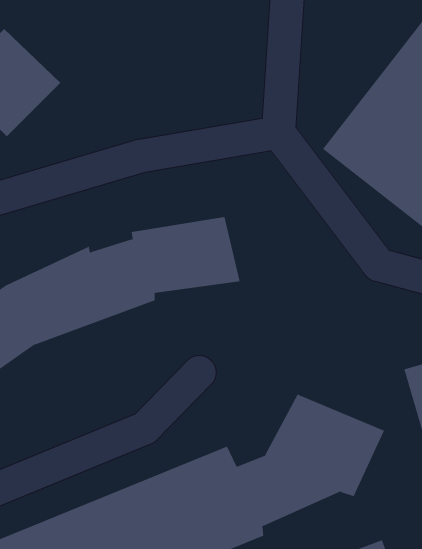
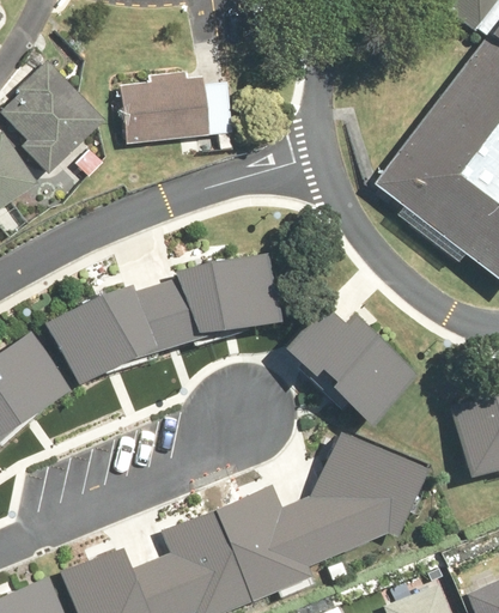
building: none -> [122,75,209,145]
building: none -> [287,304,419,423]

